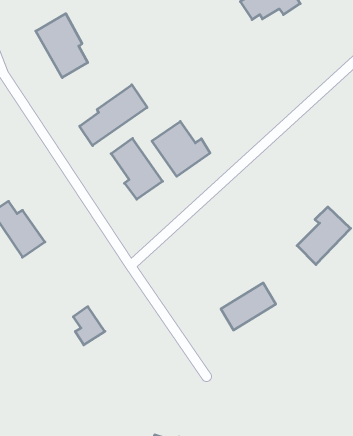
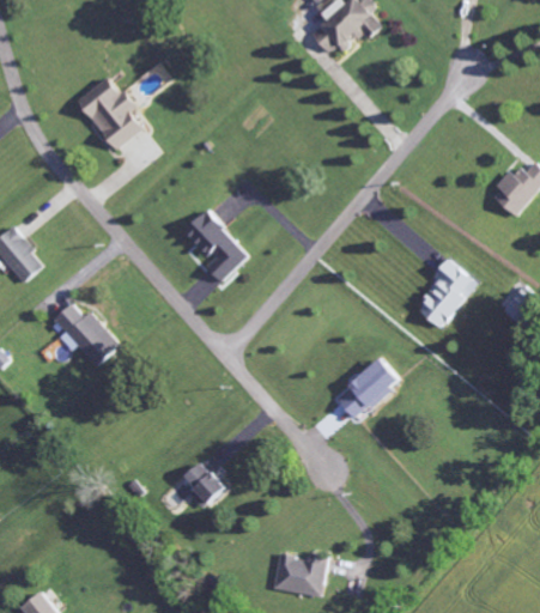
building: [80,85,147,146] -> none
building: [152,121,210,176] -> none
building: [73,307,105,345] -> [184,462,224,508]

